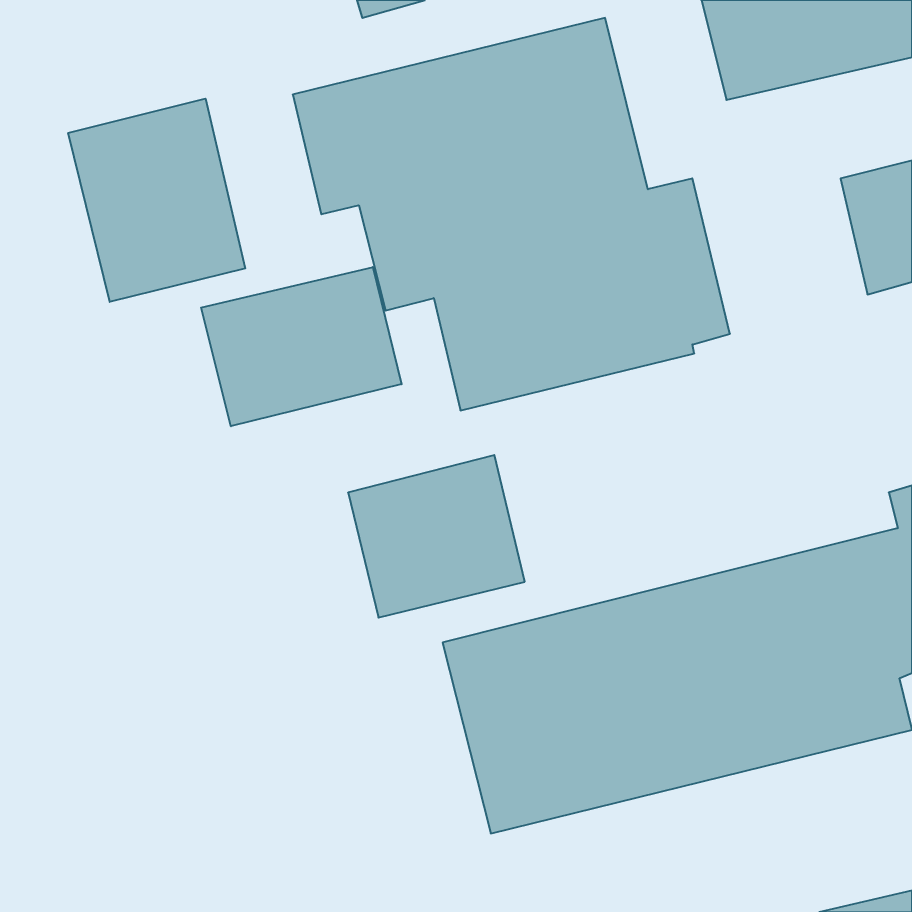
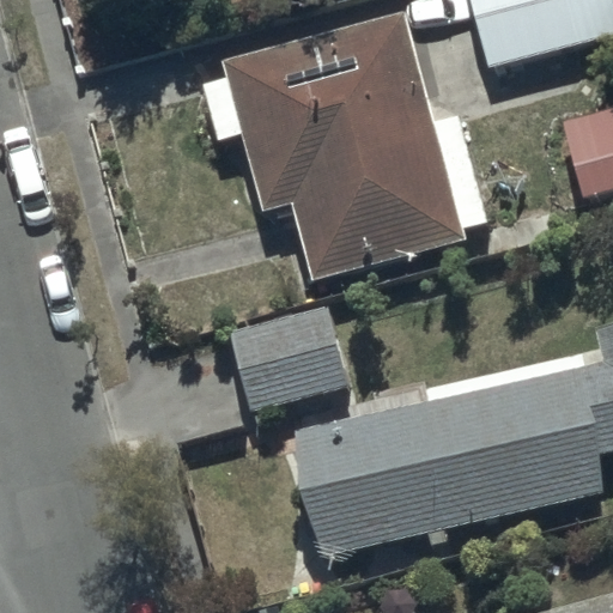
building: [68,99,245,302] -> none
building: [201,267,402,426] -> none

